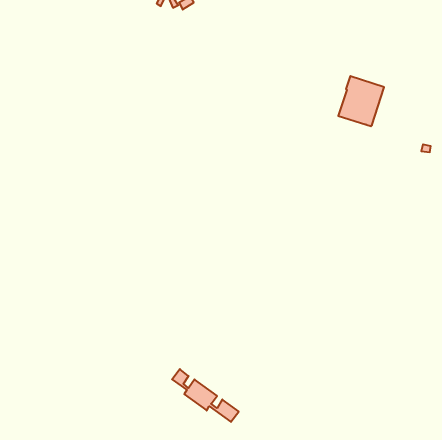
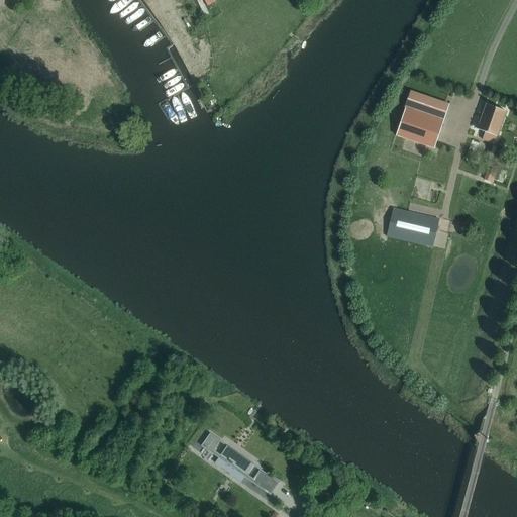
building: none -> [477,102,505,141]
building: none -> [387,207,439,245]

